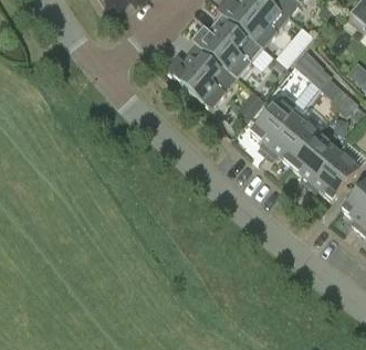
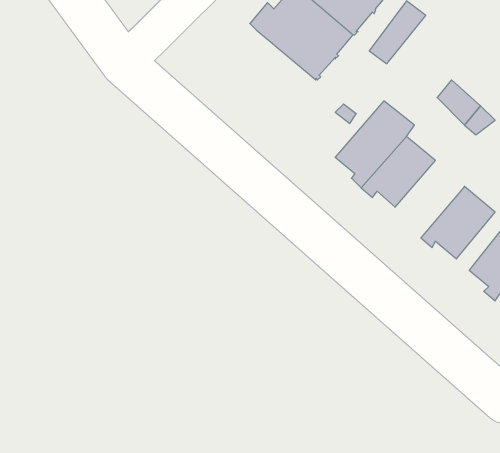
building: [166,44,237,108] -> none
building: [294,51,332,91] -> none
building: [291,134,338,187] -> none

